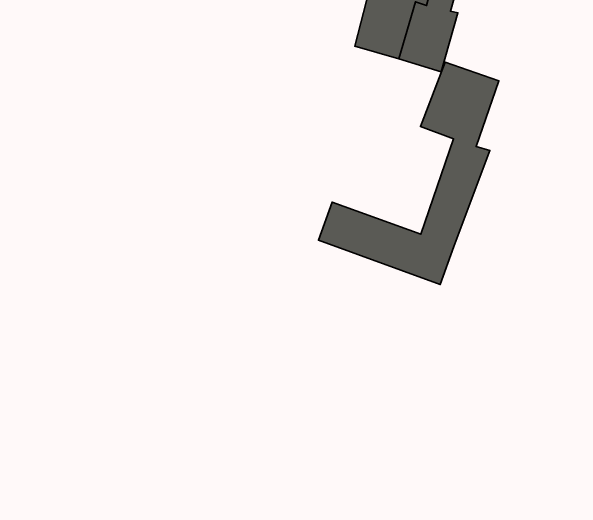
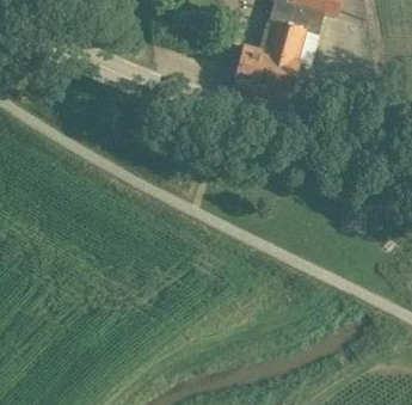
building: [319,62,499,284] -> none

